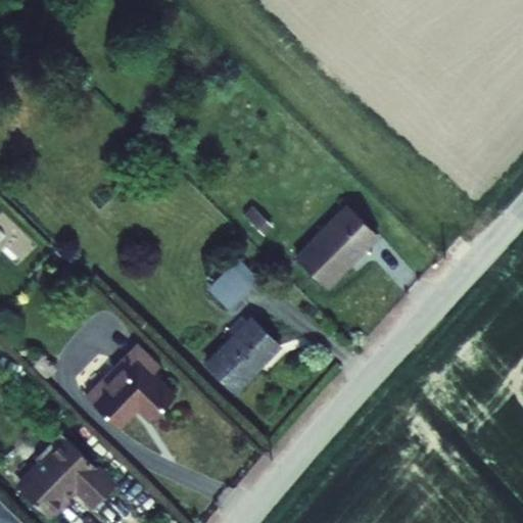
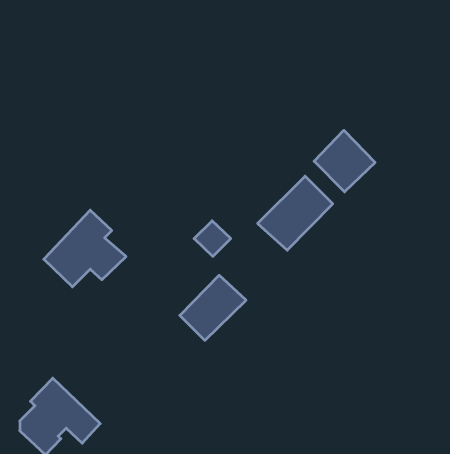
building: none -> [314,130,375,192]
building: [84,343,178,431] -> [44,210,126,287]

